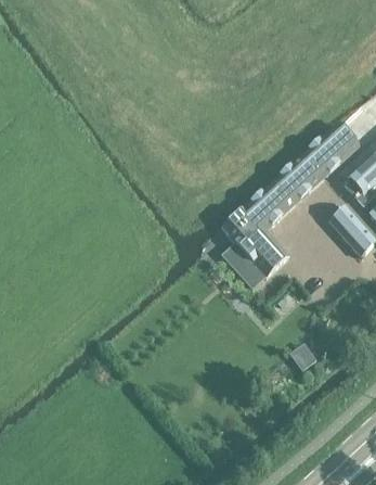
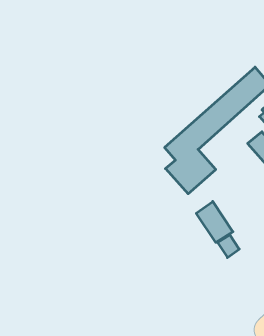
building: none -> [196,201,233,242]

